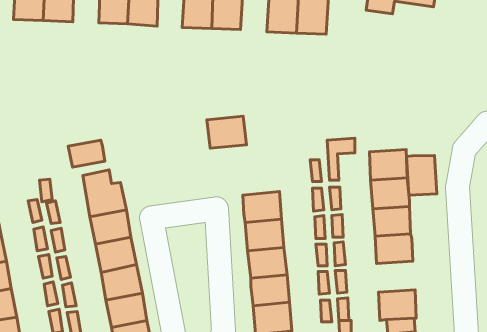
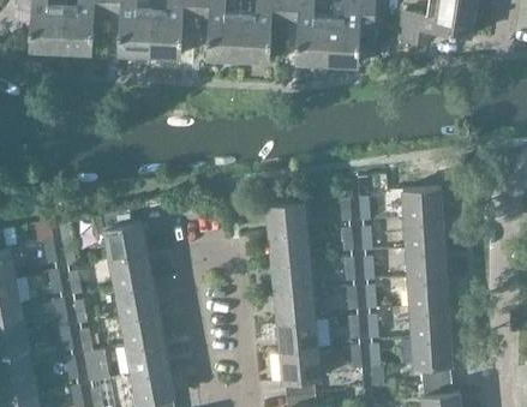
building: [207,116,247,148] -> [265,200,307,234]
building: [68,140,105,167] -> none
building: [407,155,437,195] -> none
building: none -> [409,304,450,336]

